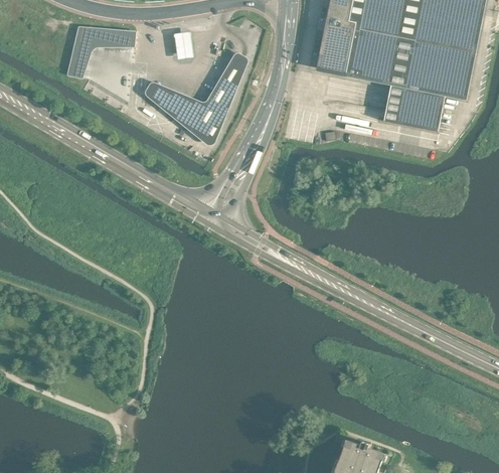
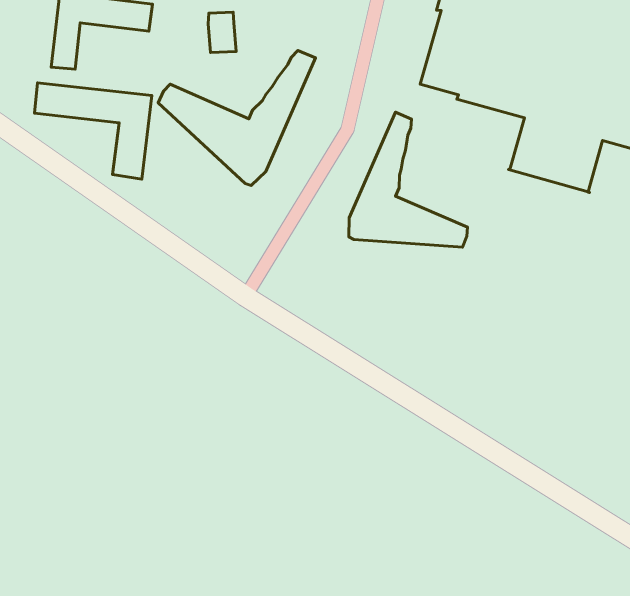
building: none -> [34,83,152,179]
building: none -> [349,112,468,247]

